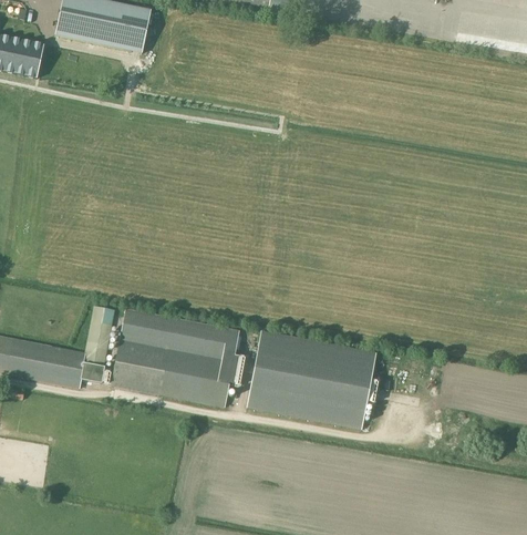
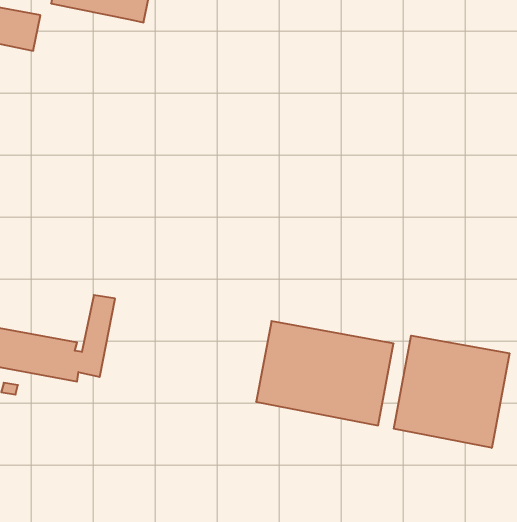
building: [112,309,247,407] -> none
building: none -> [394,336,509,448]

